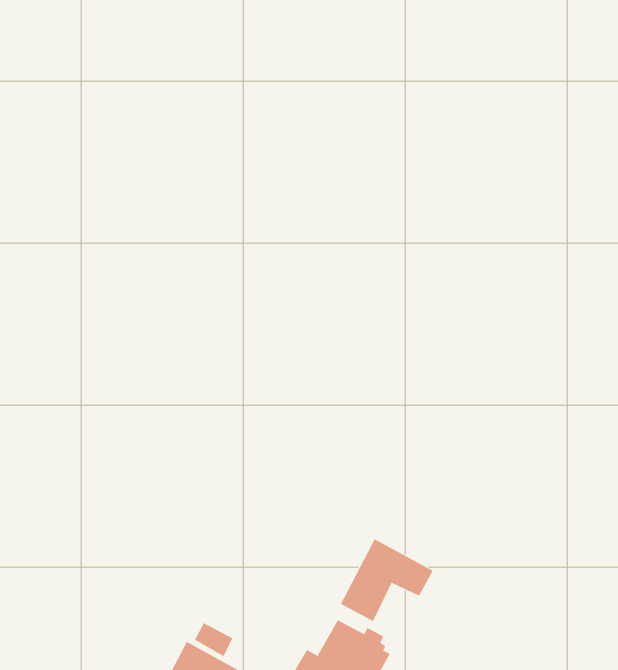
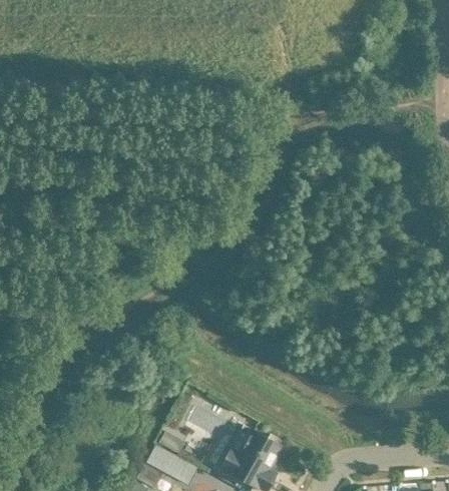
building: [340,539,433,622] -> none

